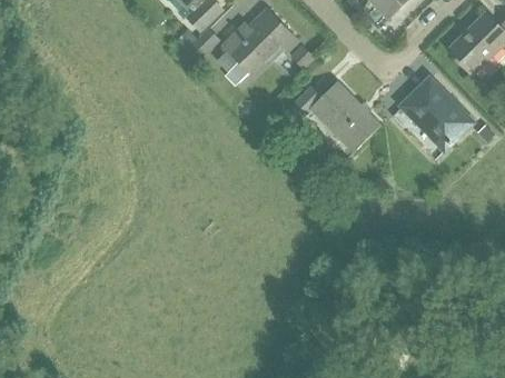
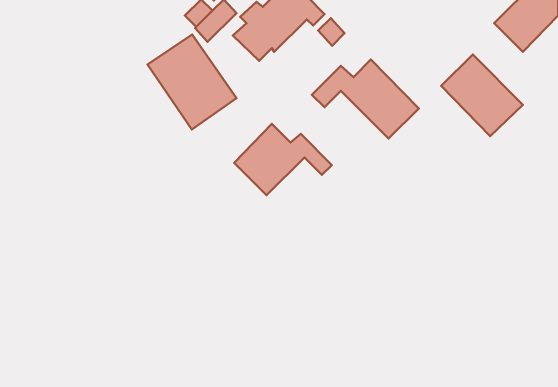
building: none -> [148,34,237,130]
building: none -> [234,124,332,195]

